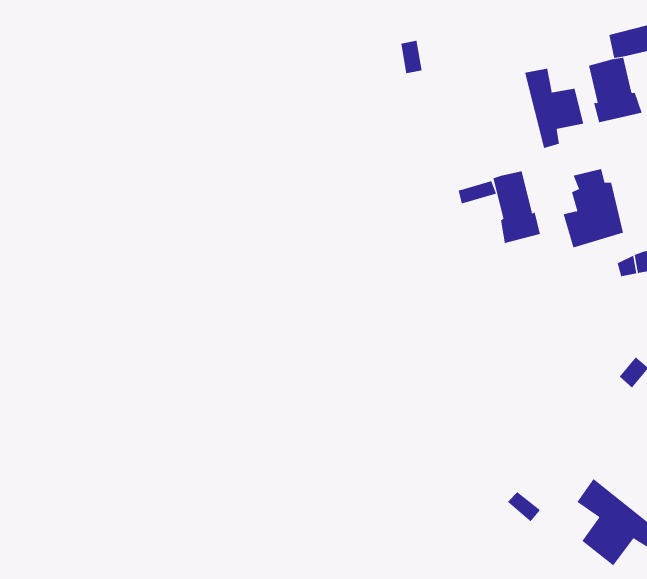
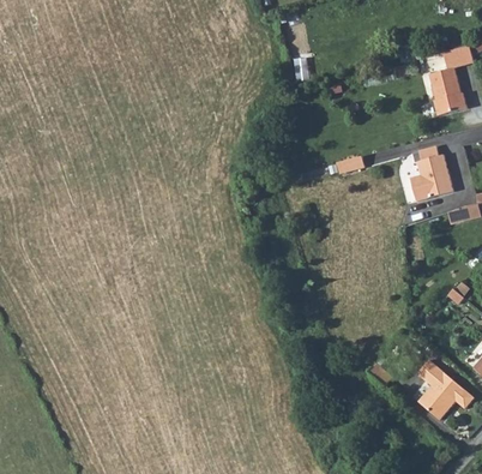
building: [525,68,584,149] -> none
building: [493,171,540,244] -> none

